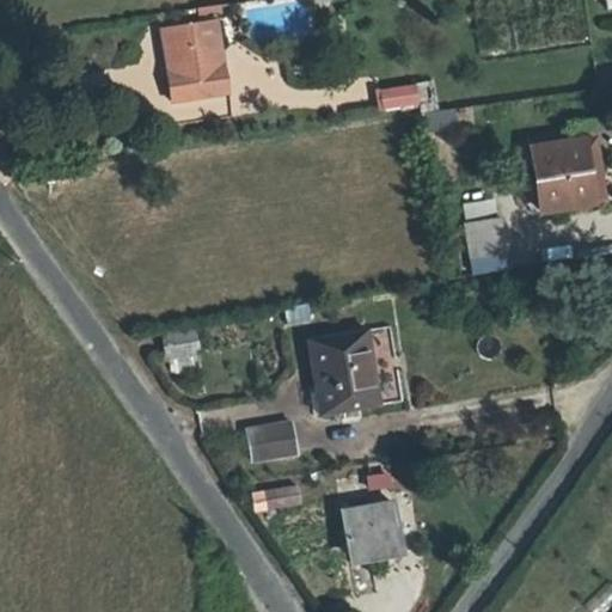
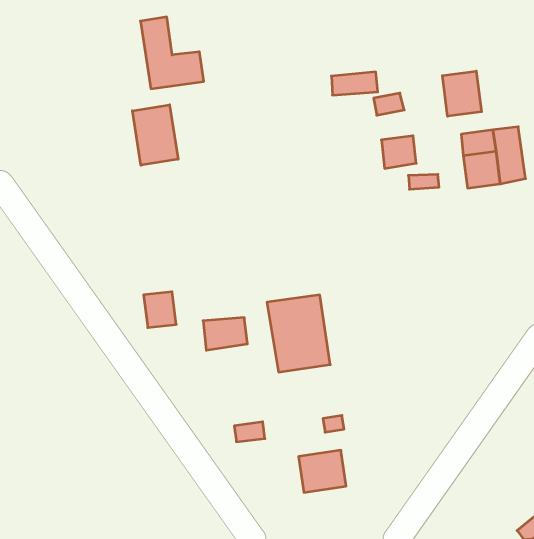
building: none -> [442,71,482,116]
building: none -> [132,105,178,165]
building: [466,218,506,255] -> [381,136,416,168]
building: [250,428,300,465] -> [203,318,247,350]

